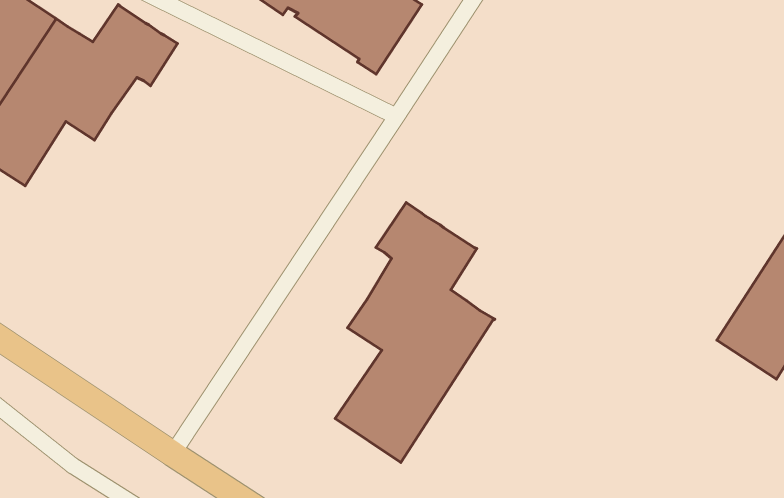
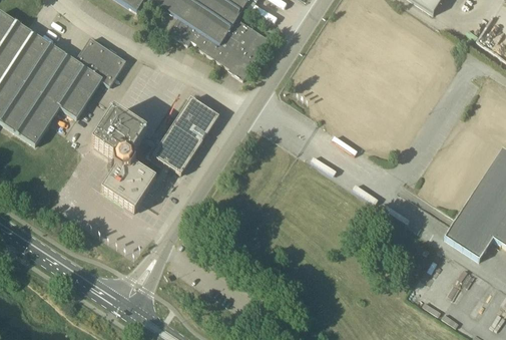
building: none -> [92,94,219,211]
building: [335,202,495,463] -> none

